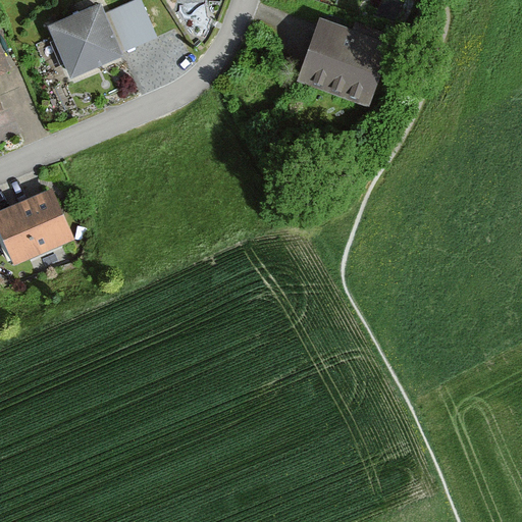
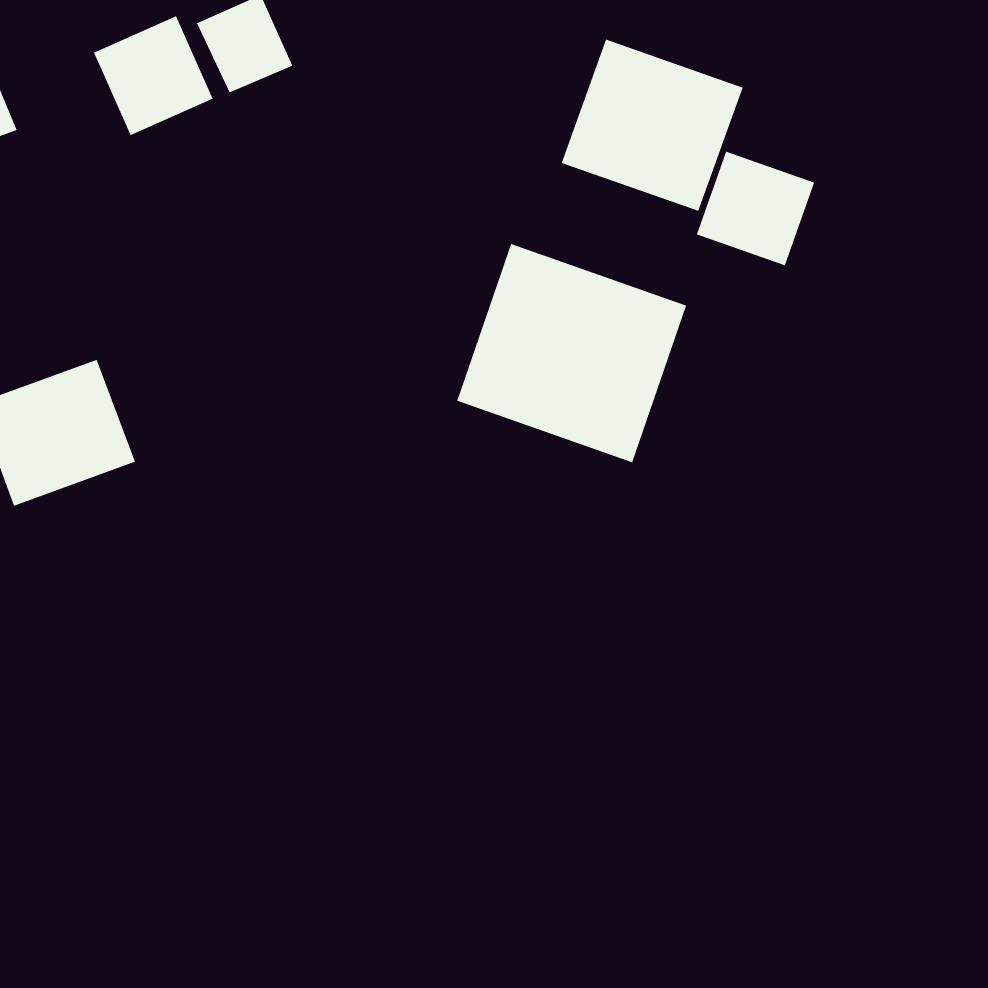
building: none -> [696,151,815,266]
building: none -> [456,243,687,463]

